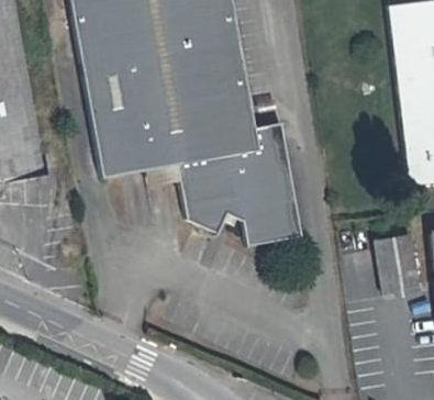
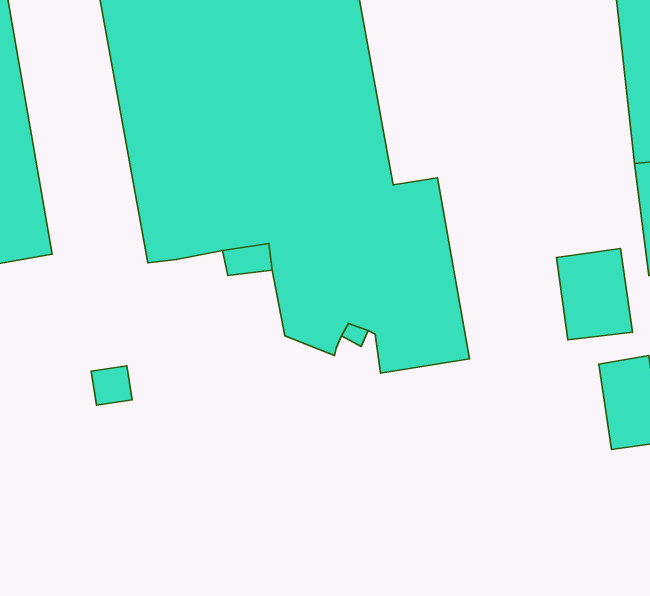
building: none -> [556,248,633,340]

